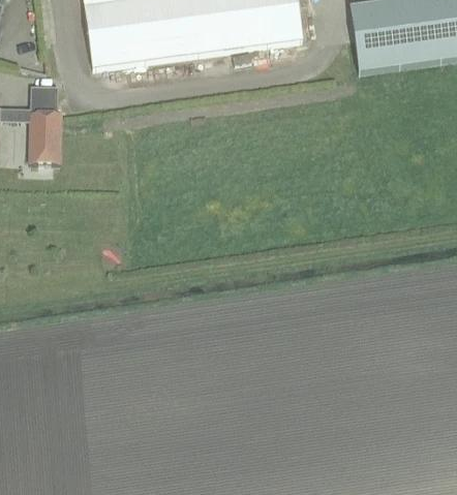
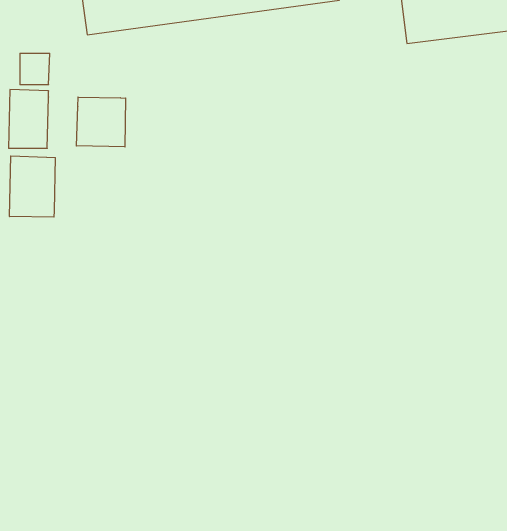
building: none -> [76,97,126,147]
building: none -> [10,156,55,217]

